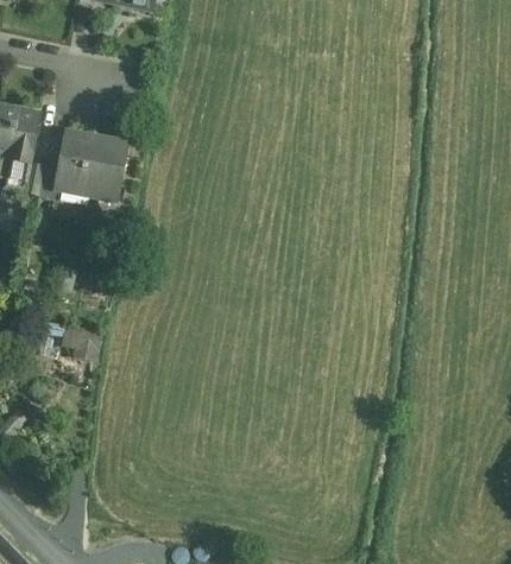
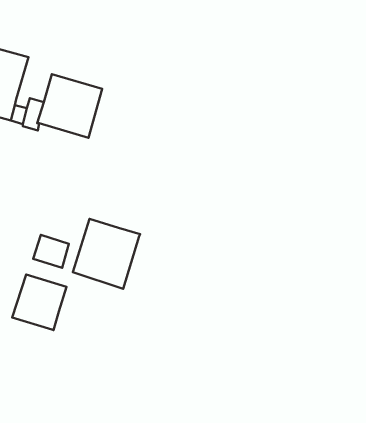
building: none -> [73,219,140,289]
building: none -> [12,274,67,330]

